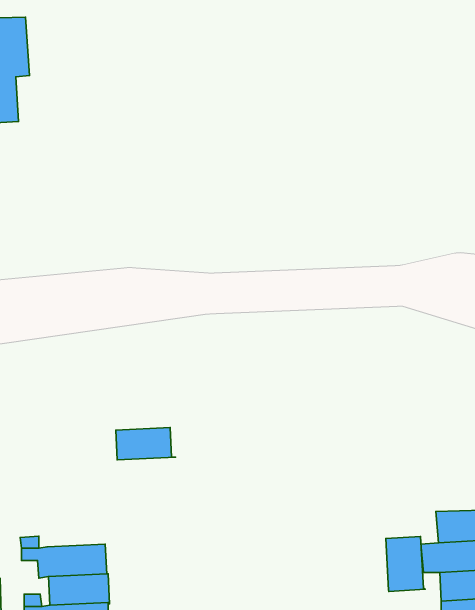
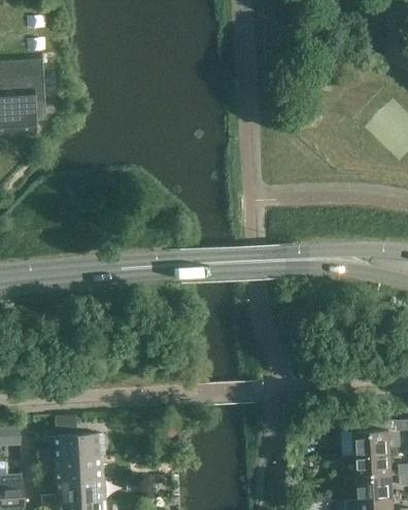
building: [116,427,175,460] -> [56,434,101,458]
building: [386,536,425,591] -> none

